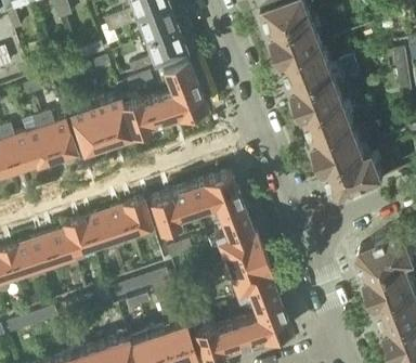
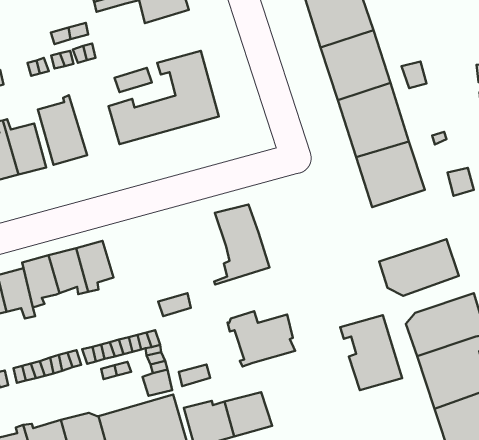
building: [127,29,186,74] -> none
building: [90,94,130,143] -> none
building: [323,151,384,195] -> [379,239,459,296]
building: [148,181,214,233] -> none
building: [121,200,152,235] -> none
building: [208,220,263,263] -> none
building: [239,282,288,339] -> [340,315,402,390]

